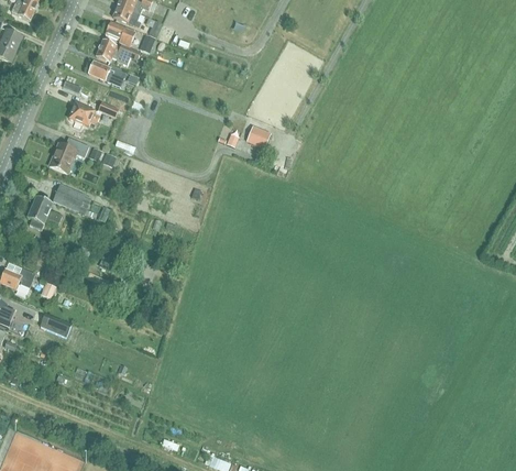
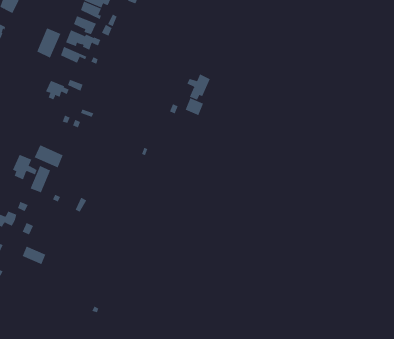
building: none -> [36,28,61,58]
building: none -> [187,73,211,101]
building: [46,136,87,172] -> none
building: none -> [30,165,51,193]

